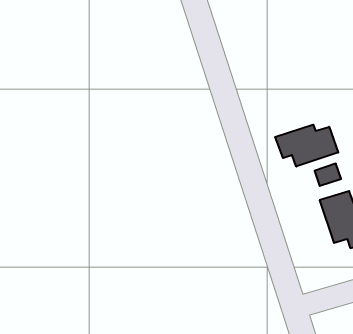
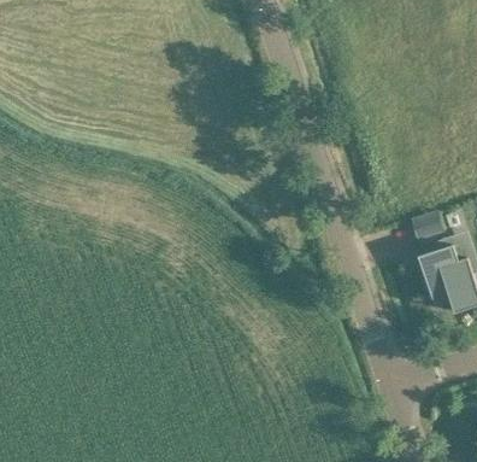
building: [275,125,338,167] -> none

